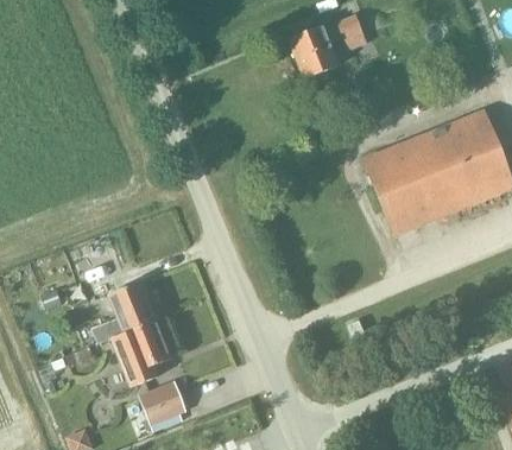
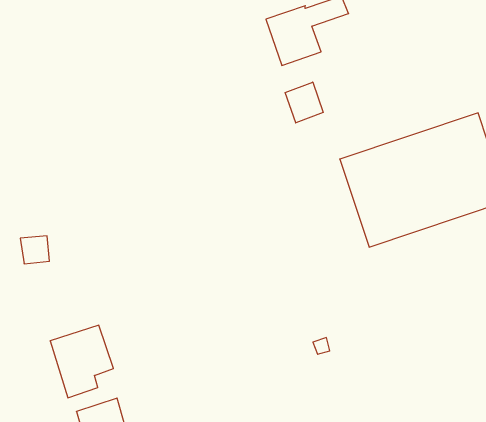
building: none -> [285,82,323,123]
building: [90,275,156,343] -> none

